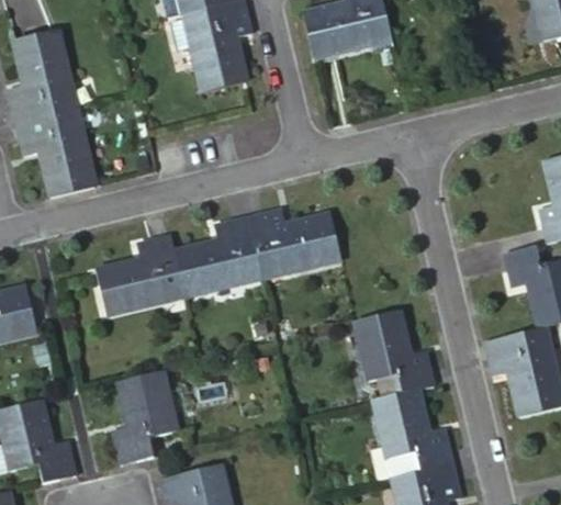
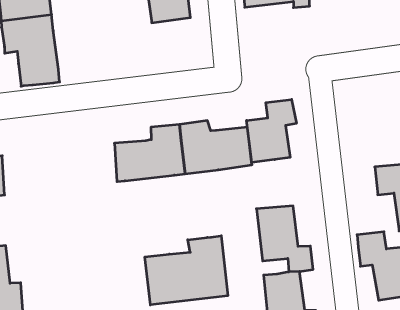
building: none -> [247,99,296,163]
building: [91,239,180,319] -> none
building: none -> [145,236,228,305]
building: [117,370,179,463] -> none

